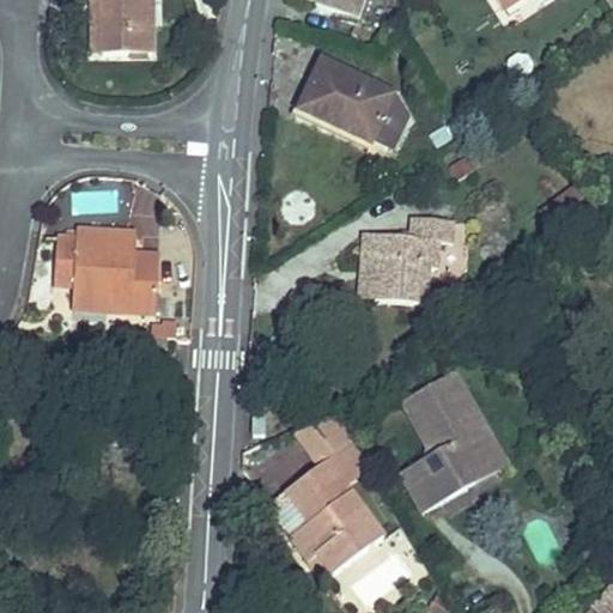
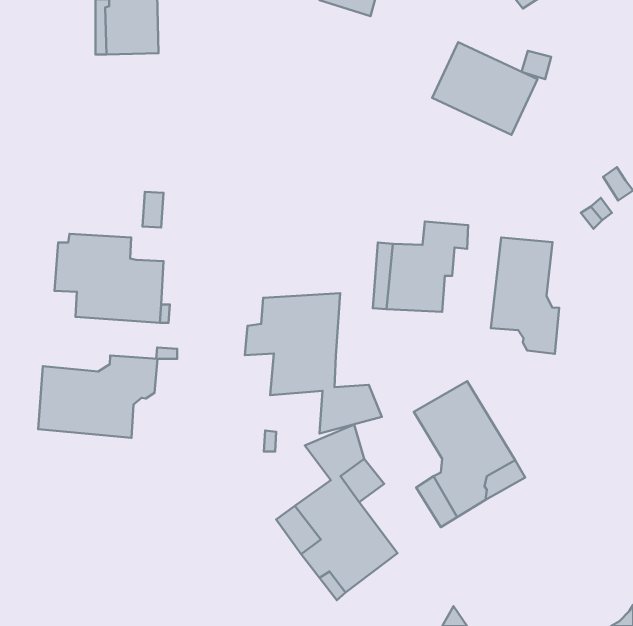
building: [297,54,399,144] -> [432,42,537,135]
building: none -> [491,237,559,354]
building: none -> [245,293,382,434]
building: none -> [38,356,158,438]

